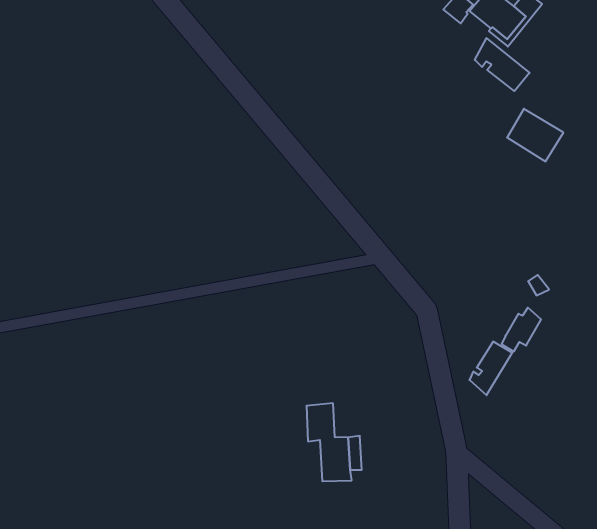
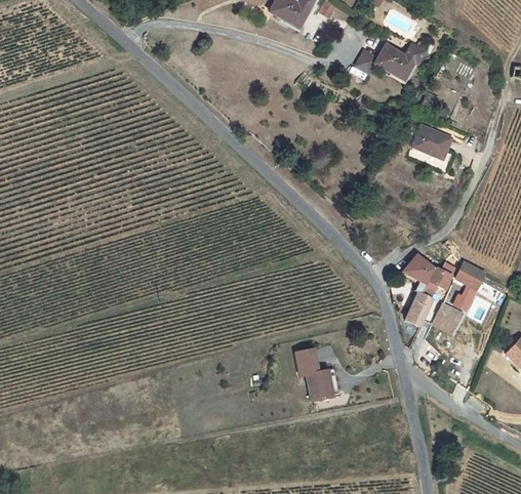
building: [475,38,530,91] -> none
building: none -> [401,251,441,285]
building: none -> [431,259,484,335]

